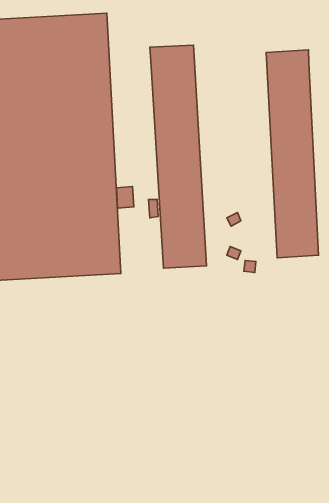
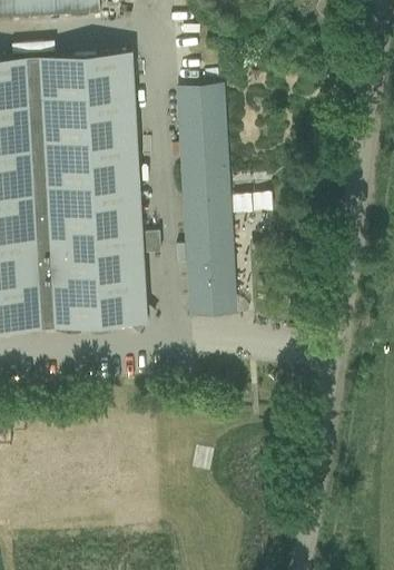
building: [266,50,318,258] -> none

